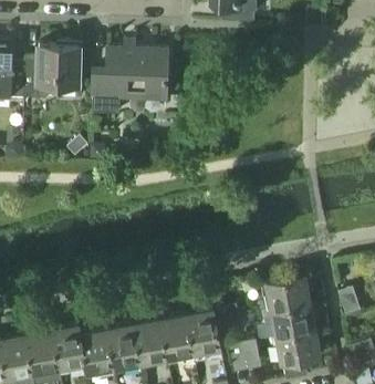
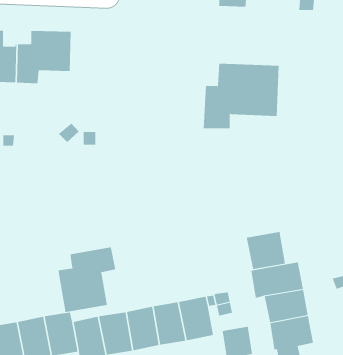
building: [92,48,168,113] -> [203,63,280,129]
building: none -> [246,231,285,270]
building: none -> [58,247,116,313]

